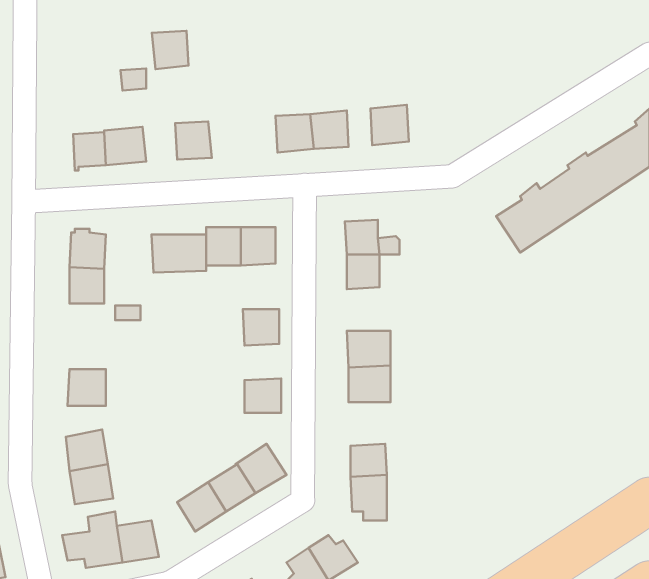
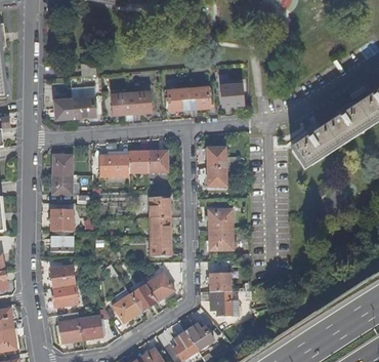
building: [152,31,188,69] -> [130,90,151,112]
building: none -> [52,210,73,231]
building: none -> [151,216,171,237]

